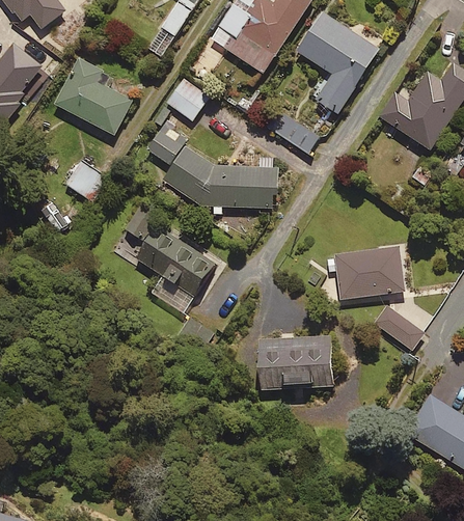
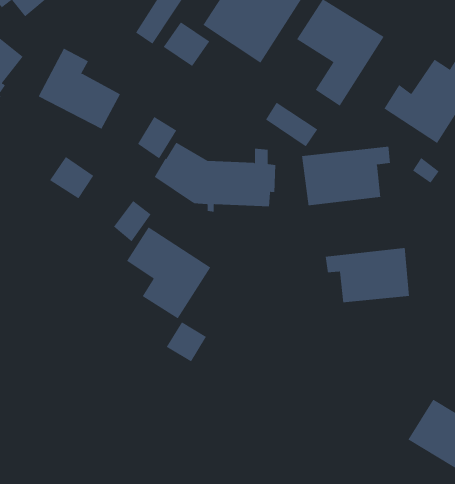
building: [164,77,209,119] -> [163,22,210,67]
building: none -> [302,146,390,206]
building: [375,307,424,351] -> none
building: [258,336,334,389] -> none

